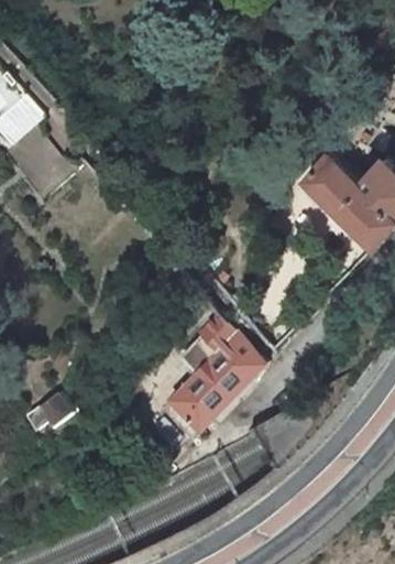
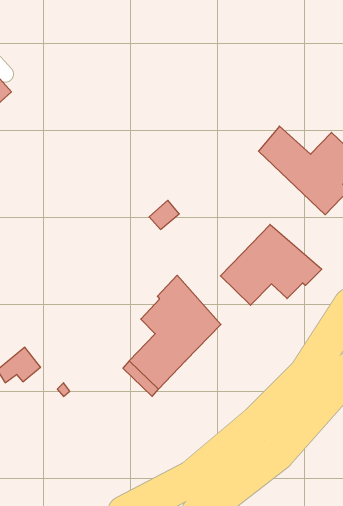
building: none -> [220,224,322,305]

